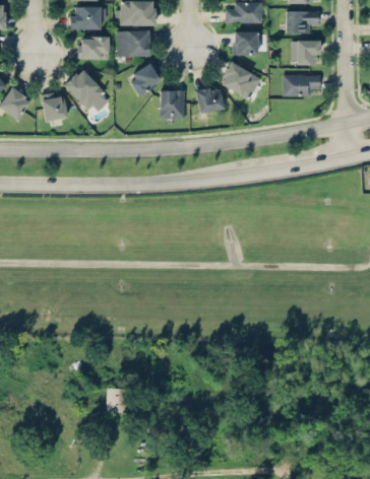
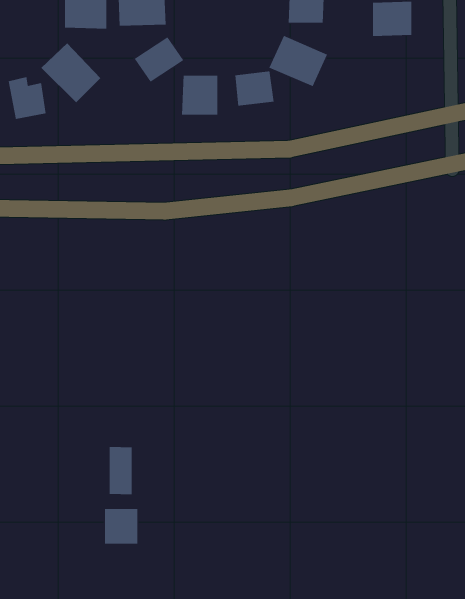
building: [283,74,319,96] -> none
building: none -> [109,446,132,495]

